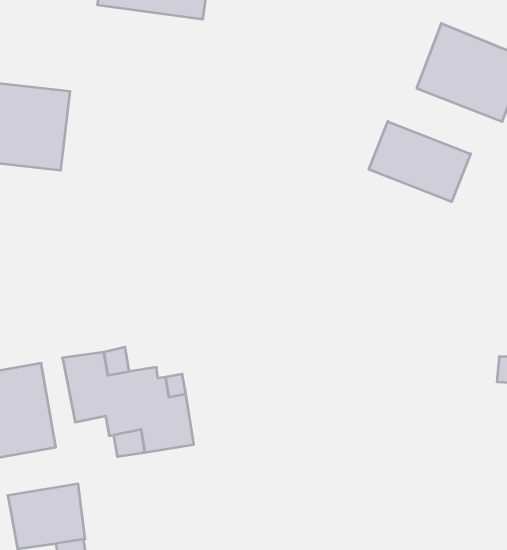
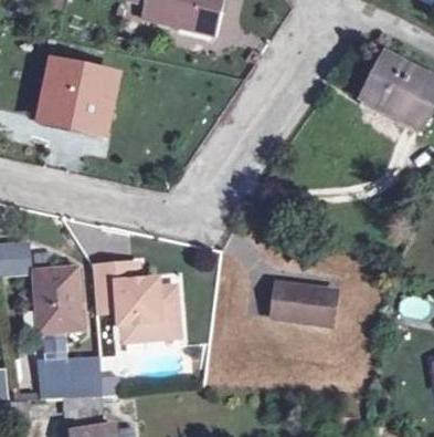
building: [369,121,471,202] -> none
building: none -> [272,282,336,323]

